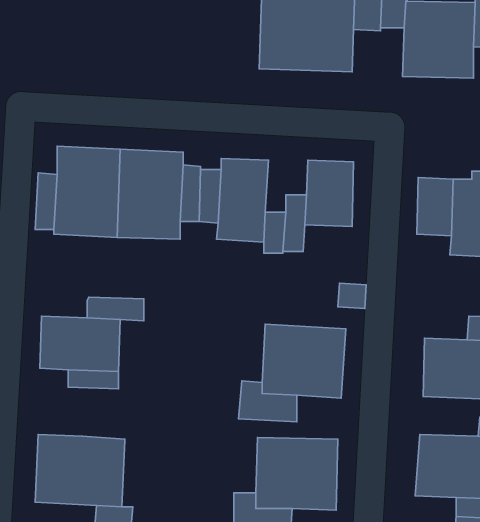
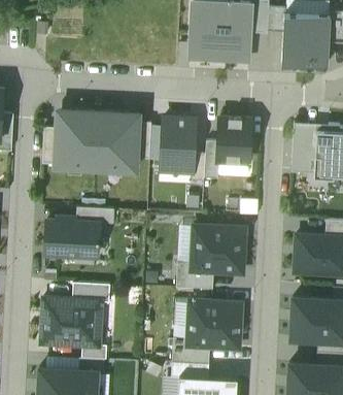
building: none -> [73,283,110,302]

